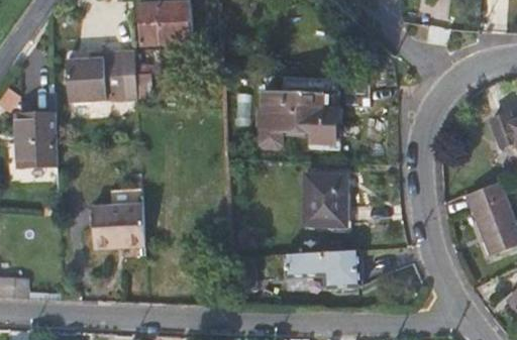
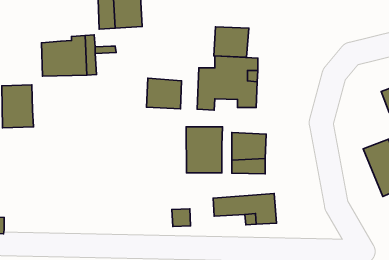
building: none -> [214,27,249,57]
building: none -> [147,78,182,109]
building: none -> [186,127,222,173]
building: [91,189,143,248] -> none

